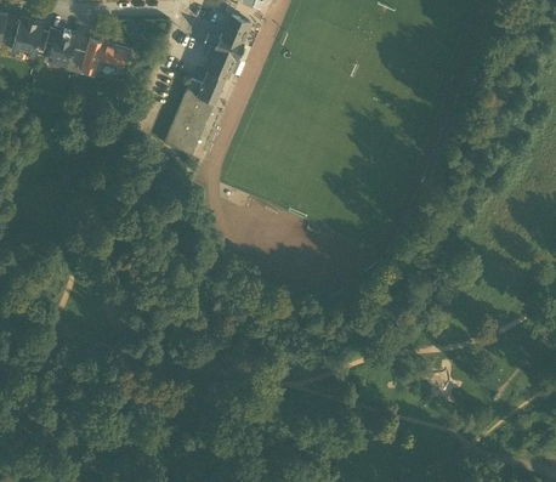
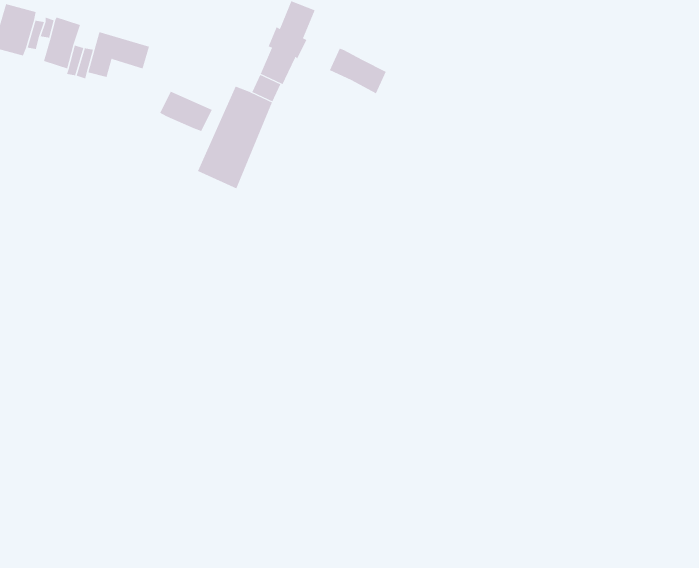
building: none -> [329,48,386,94]
building: none -> [160,91,212,132]

